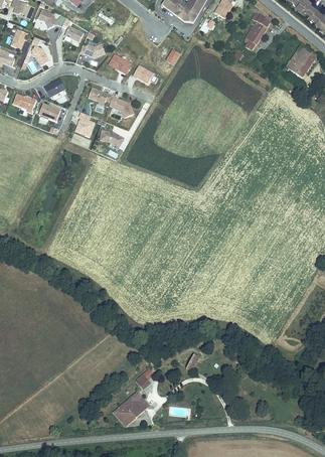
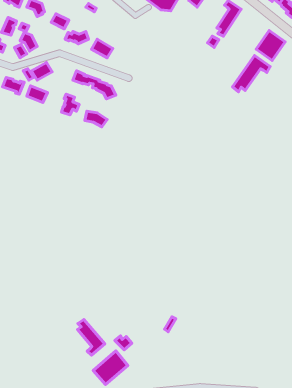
building: none -> [233,55,270,92]
building: none -> [77,319,105,355]

